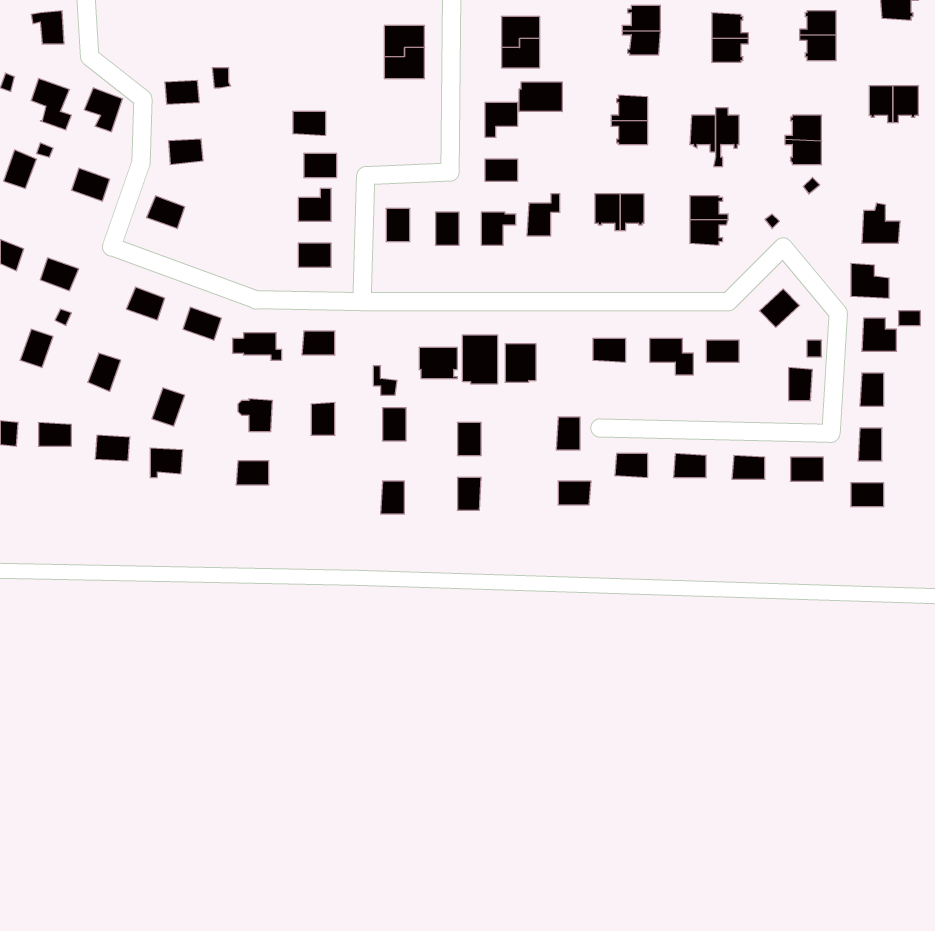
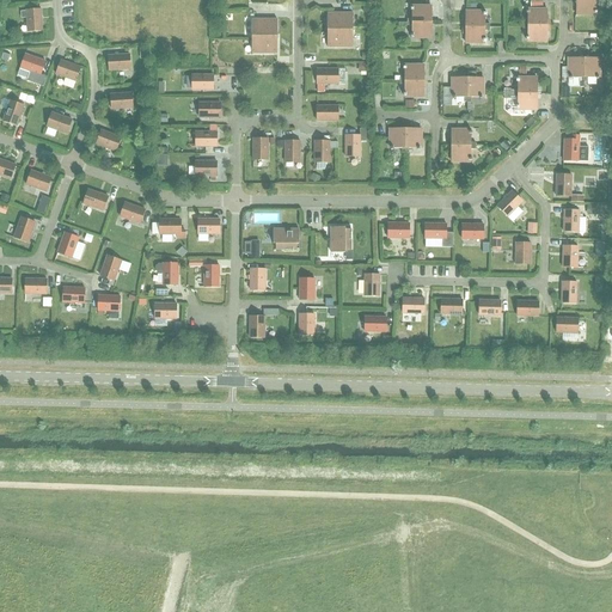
building: [519,82,562,112] -> none
building: [463,335,497,384] -> none

